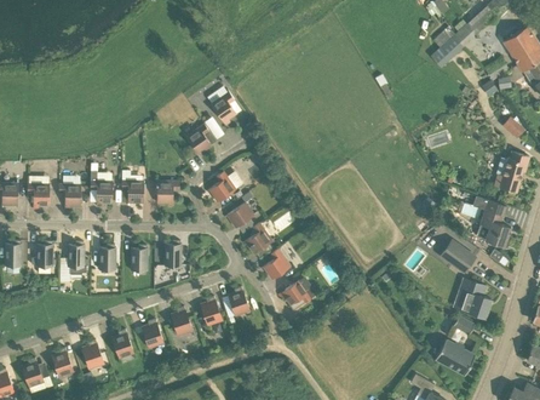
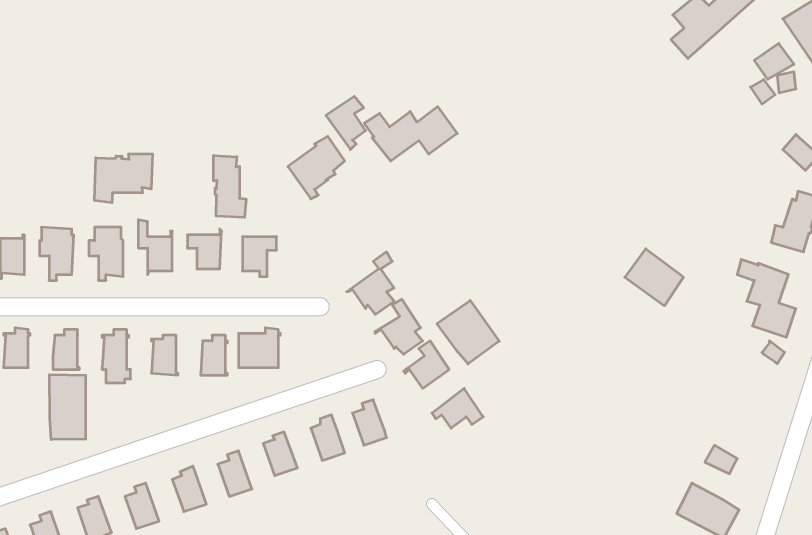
building: none -> [364,107,457,161]
building: none -> [95,154,153,203]
building: none -> [214,155,246,217]
building: [206,171,243,201] -> none
building: none -> [437,300,499,364]
building: [438,238,476,274] -> [625,249,683,306]
building: none -> [49,375,86,440]
building: [453,279,490,318] -> none

